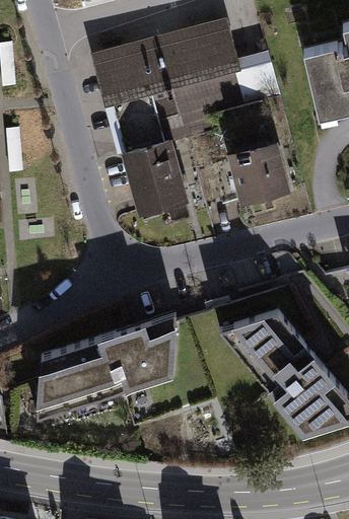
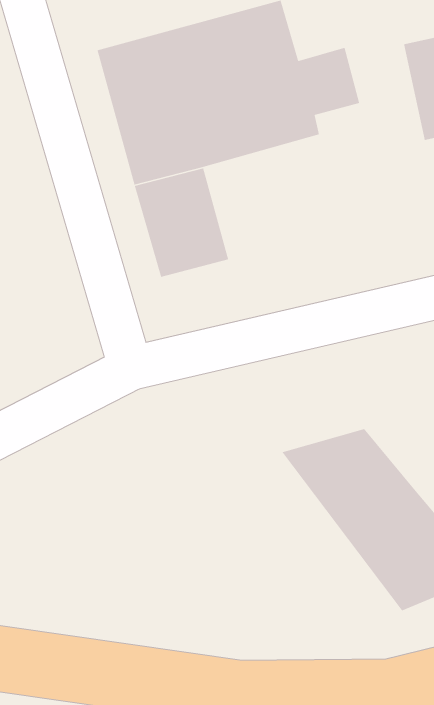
building: [225,143,290,204] -> none
building: [32,311,181,419] -> none

